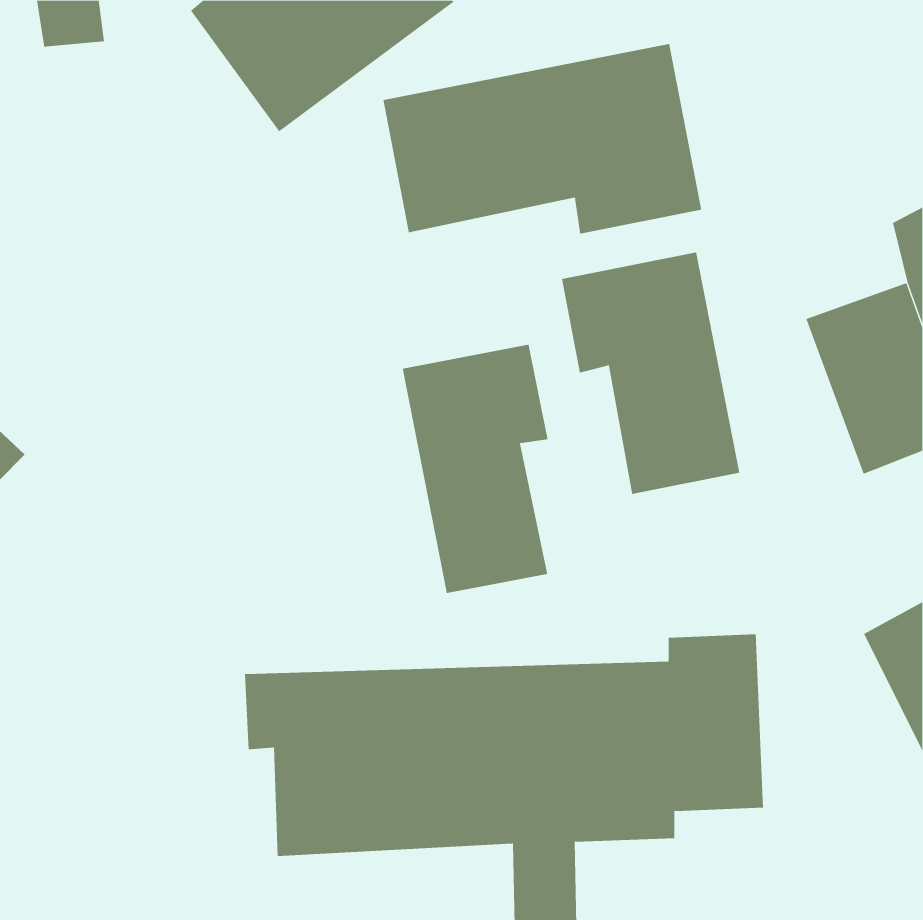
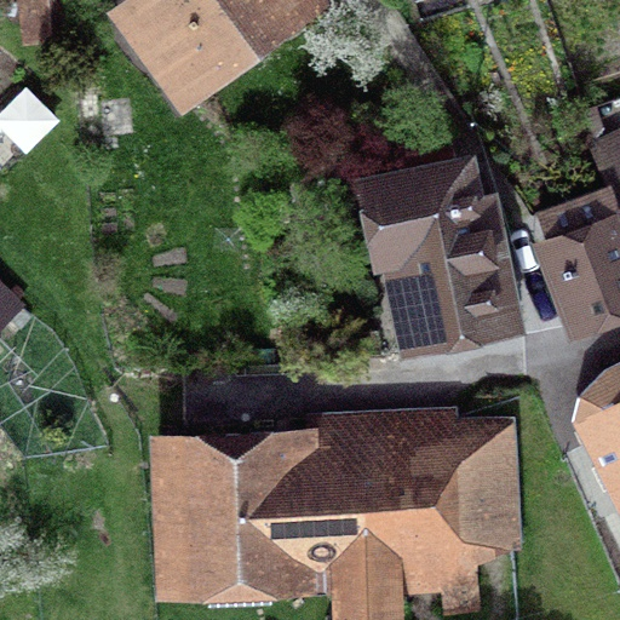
building: [383,43,702,235] -> none
building: [402,344,548,594] -> none

